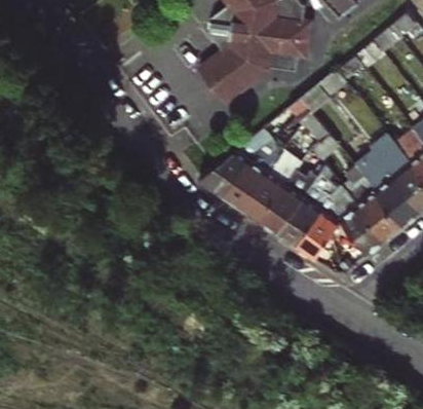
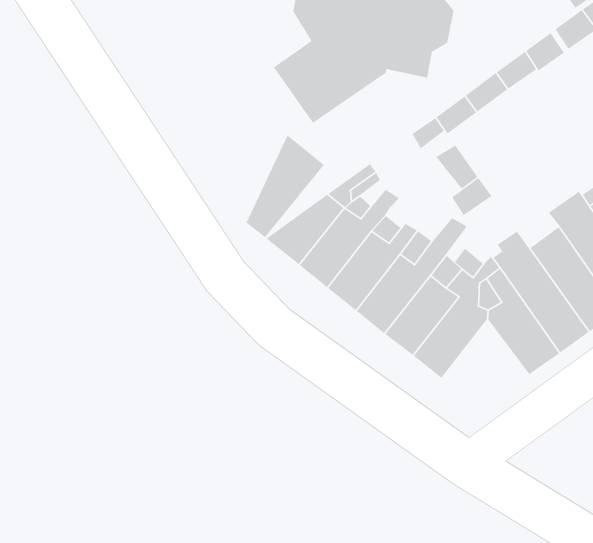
building: none -> [245,134,325,239]

